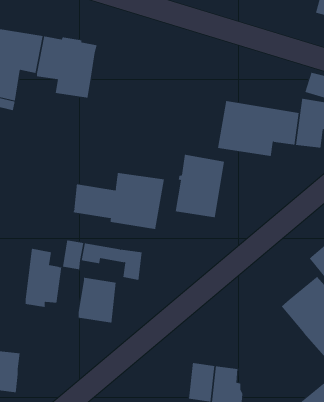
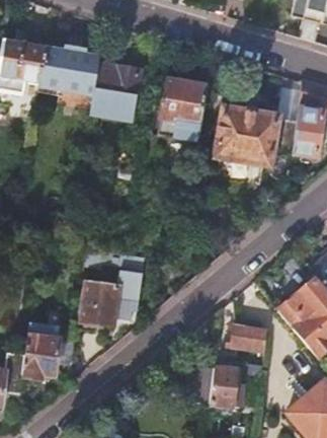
building: none -> [89,62,143,120]
building: [175,154,225,218] -> [158,77,207,139]
building: [73,172,165,230] -> none
building: [25,248,62,307] -> [22,320,59,378]
building: none -> [227,323,267,350]

